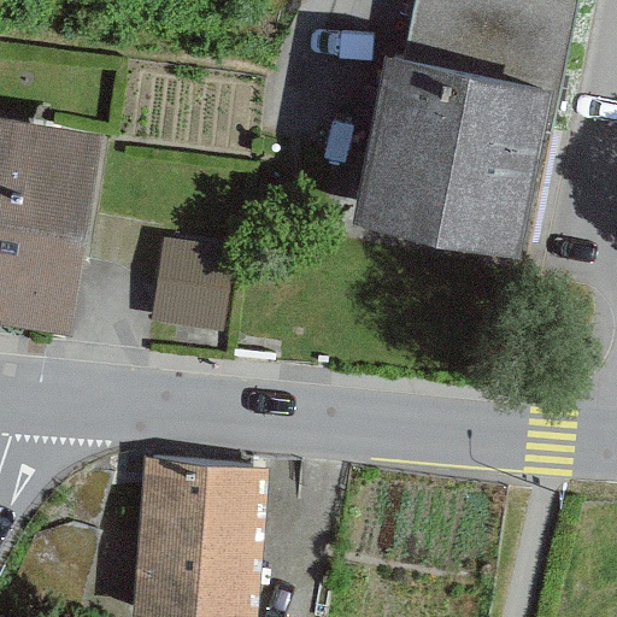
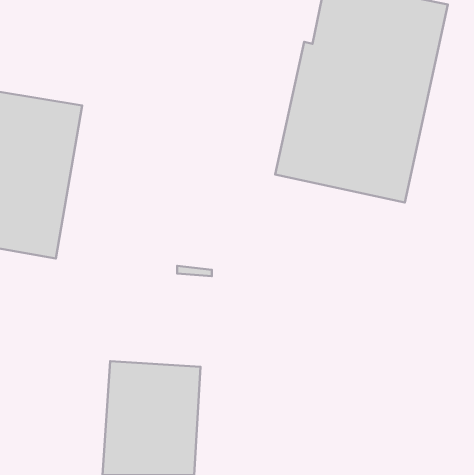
building: [146,240,228,329] -> none

